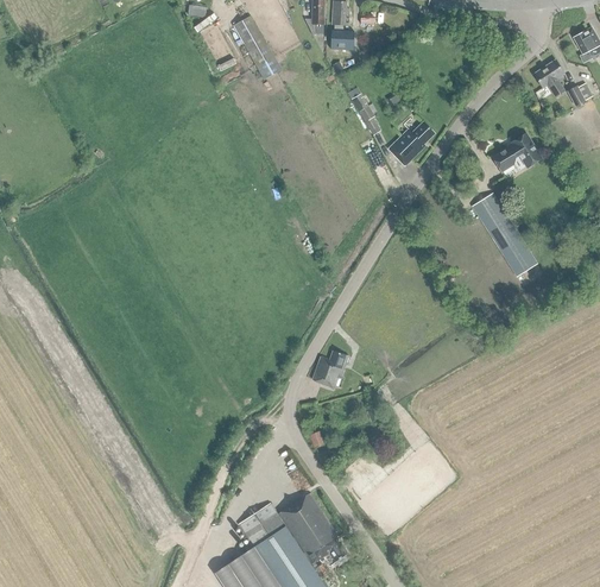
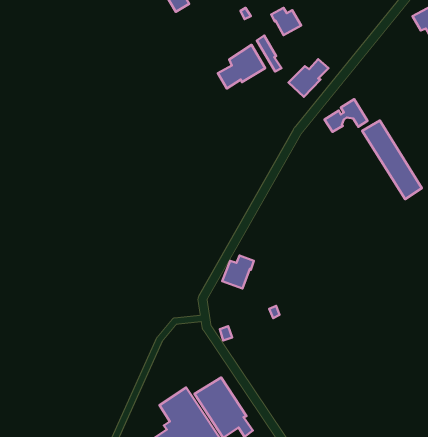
building: none -> [271,8,301,35]
building: none -> [218,45,265,89]
building: [493,132,543,170] -> [324,99,367,132]

